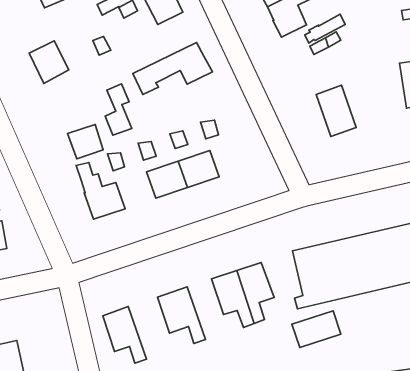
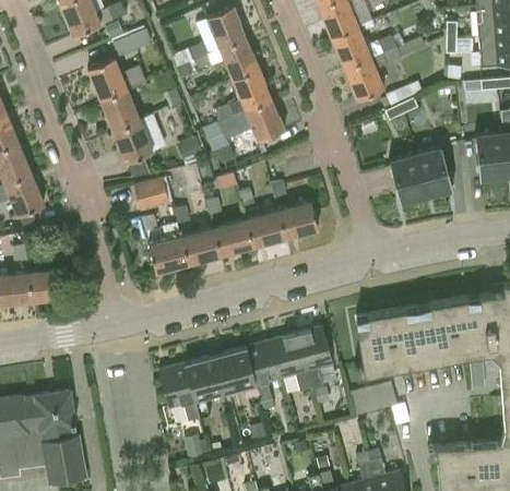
building: none -> [87,58,145,100]
building: none -> [199,69,271,128]
building: none -> [114,120,179,163]
building: none -> [415,146,453,196]
building: none -> [277,202,319,238]
building: none -> [180,228,220,264]
building: none -> [246,340,281,411]
building: none -> [185,356,225,418]

